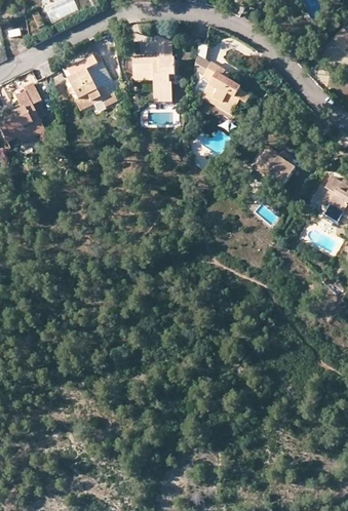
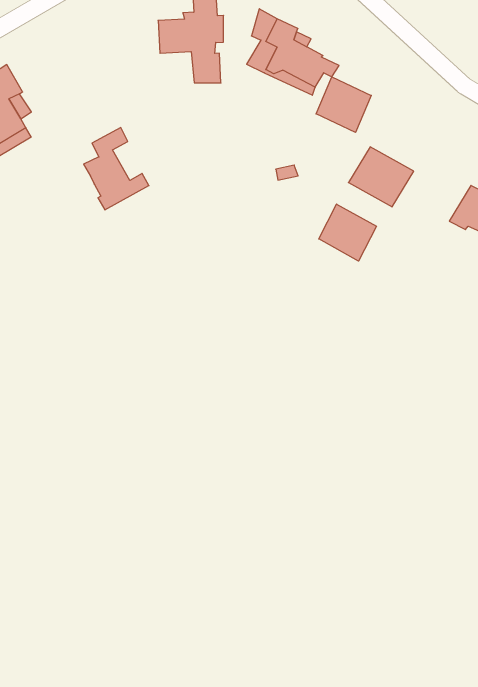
building: [67,55,109,109] -> [84,128,149,210]
building: none -> [316,77,371,132]
building: none -> [319,204,376,261]

